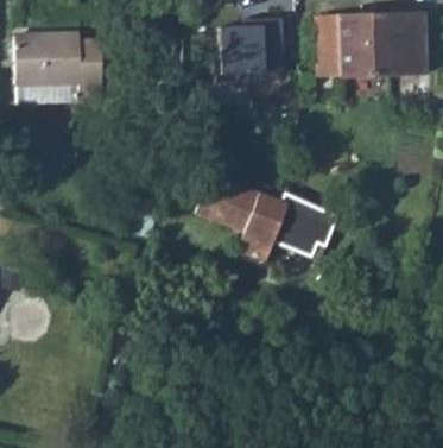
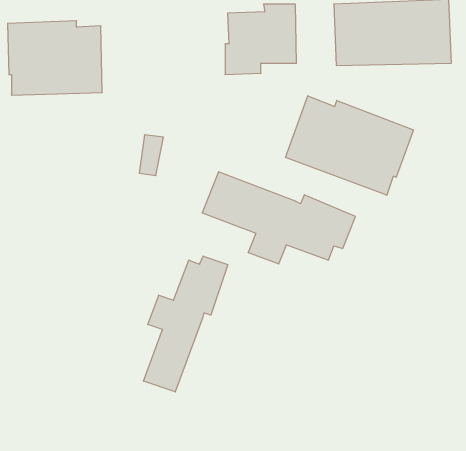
building: none -> [286,96,414,195]
building: none -> [143,256,228,392]

